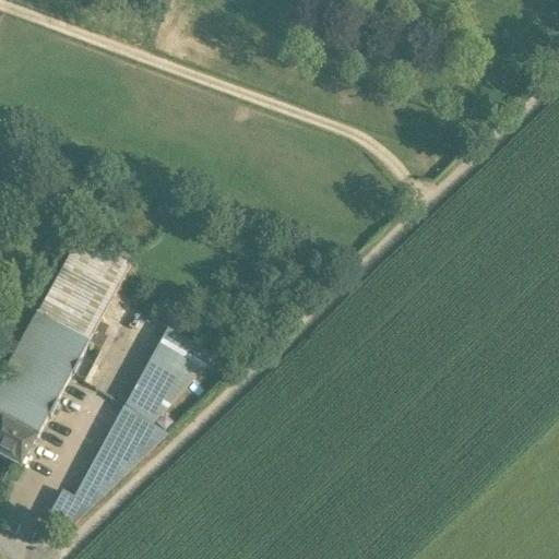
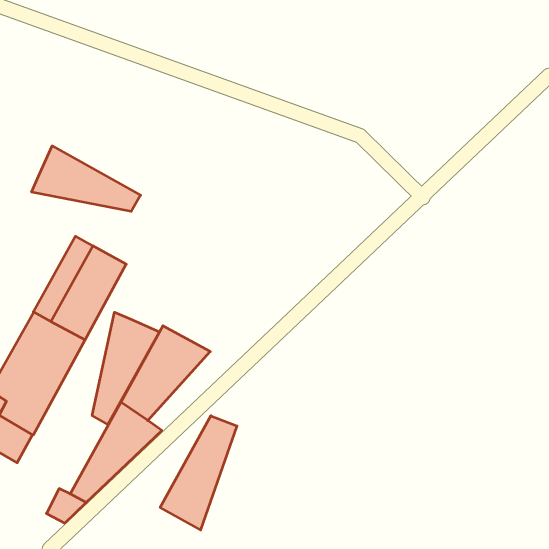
building: none -> [32,146,141,211]
building: none -> [92,312,160,425]
building: none -> [160,416,237,530]

